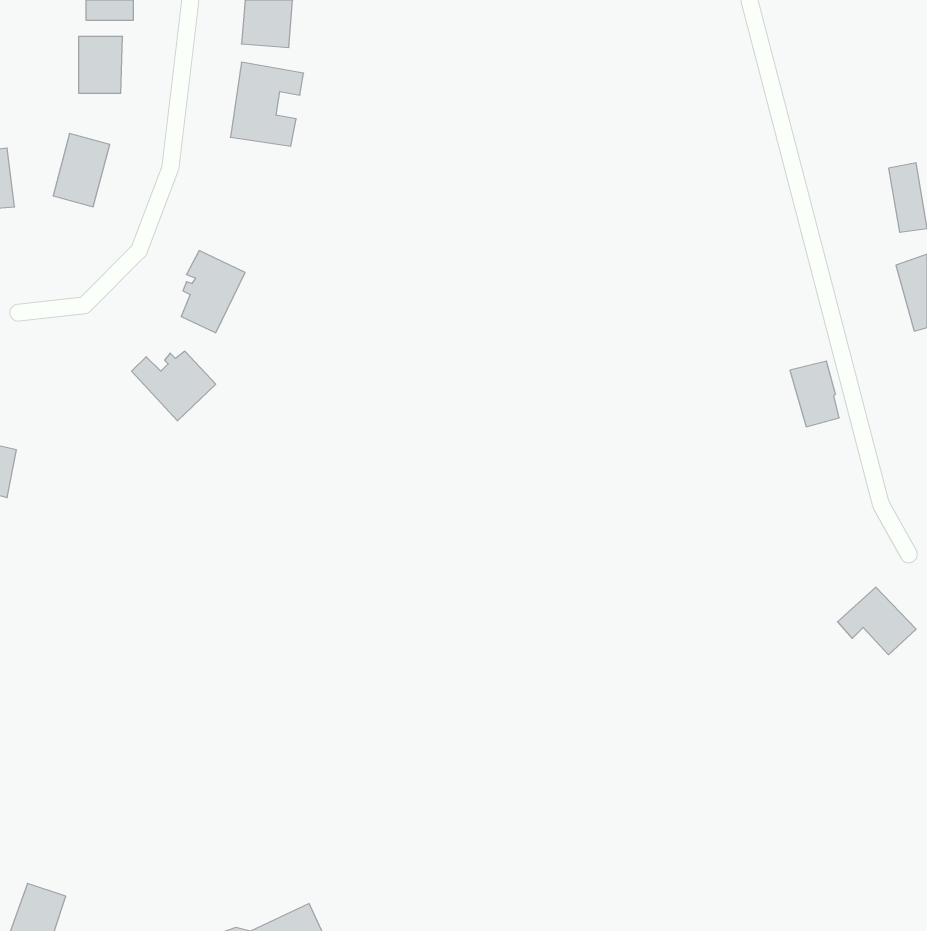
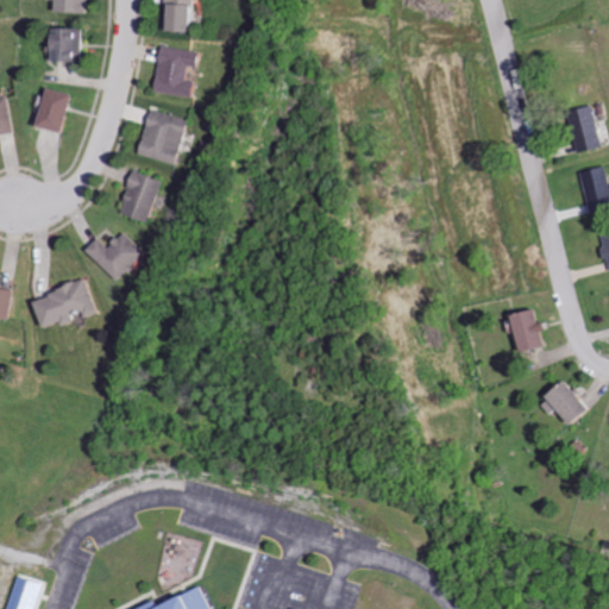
building: none -> [134,106,184,159]
building: [790,361,839,427] -> [517,312,550,354]
building: none -> [33,278,92,325]

